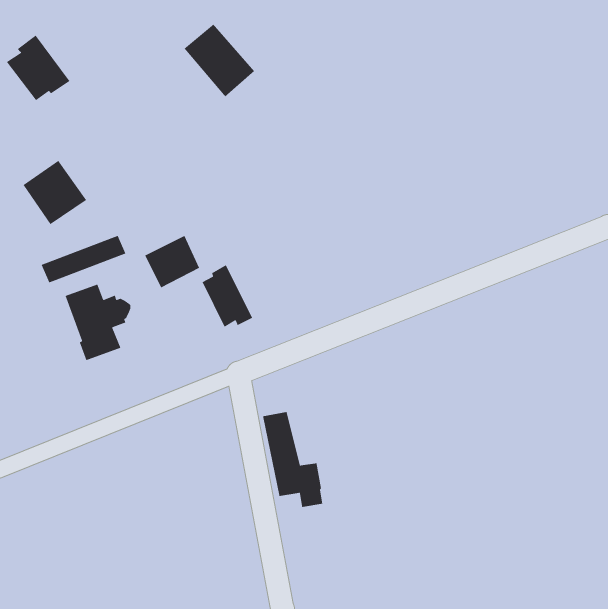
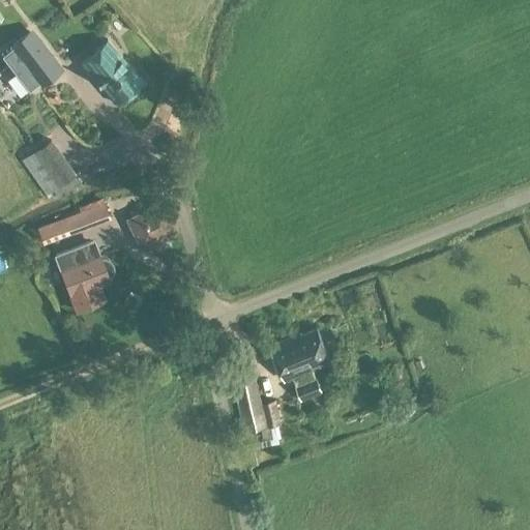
building: [184,24,255,98] -> [81,41,143,106]
building: [201,264,253,328] -> none
building: none -> [271,328,330,400]

